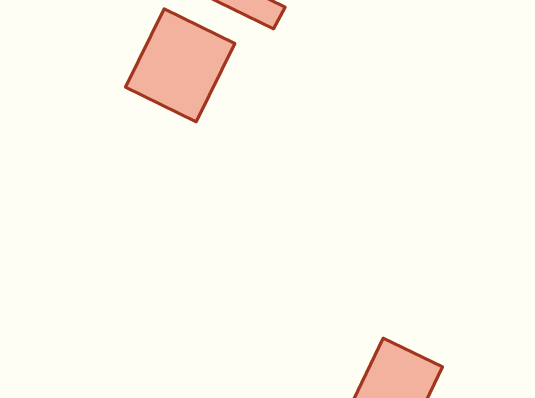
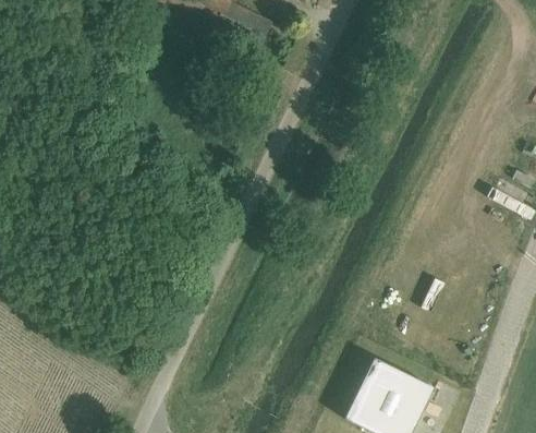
building: [126,9,235,122] -> none

